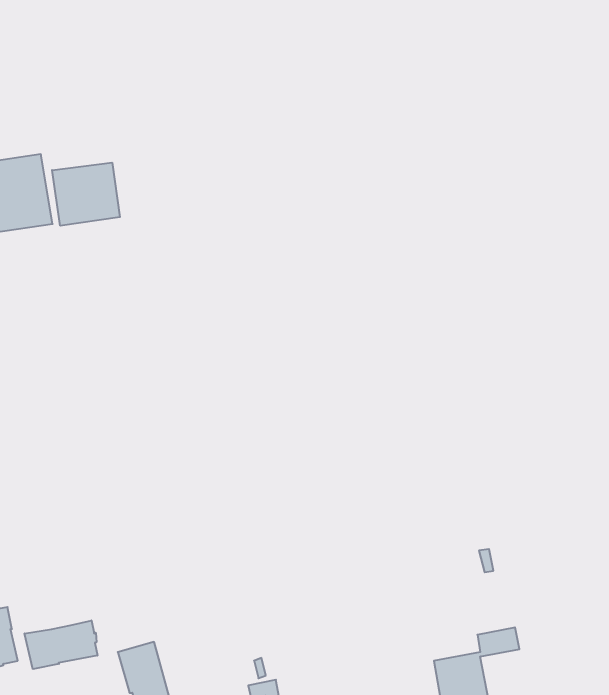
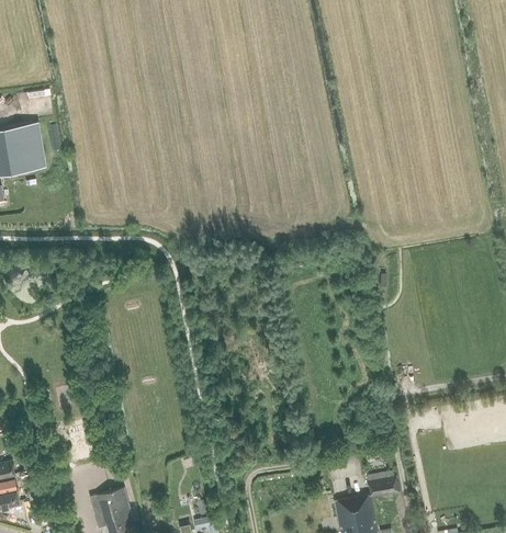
building: [52,163,120,226] -> none
building: [25,620,97,669] -> none

